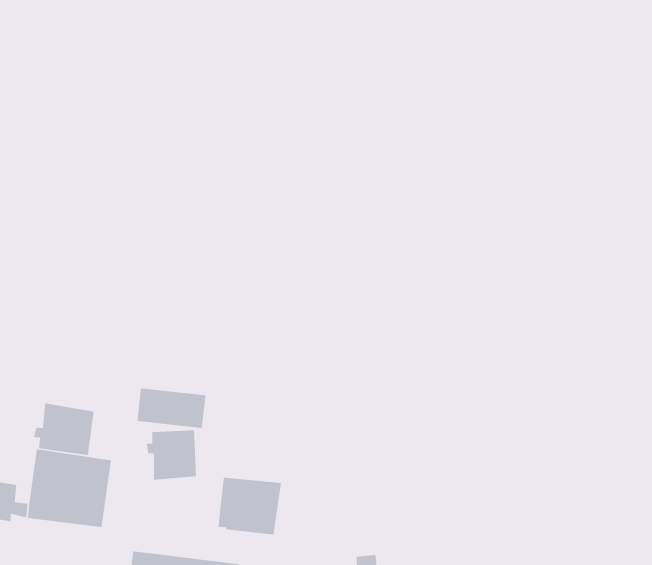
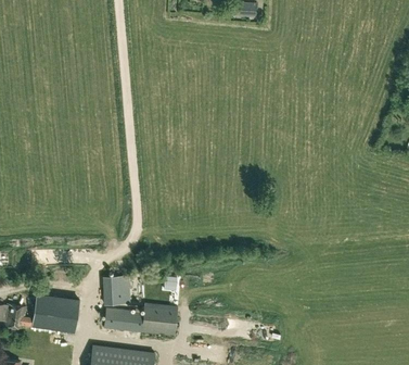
building: [136,387,206,429] -> [103,309,143,332]
building: [33,403,94,456] -> none

